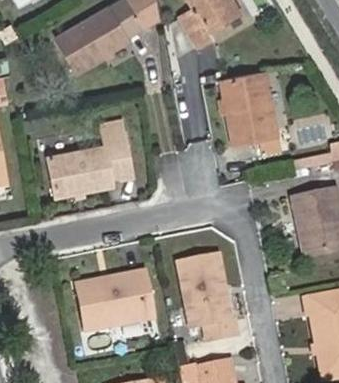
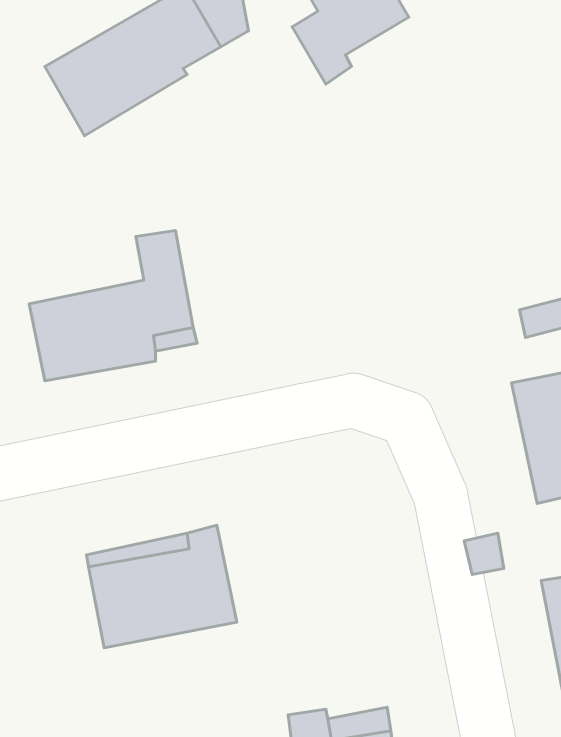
building: [220,71,276,144] -> none
building: [177,256,234,342] -> none

